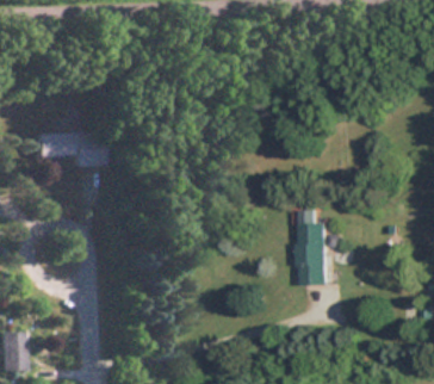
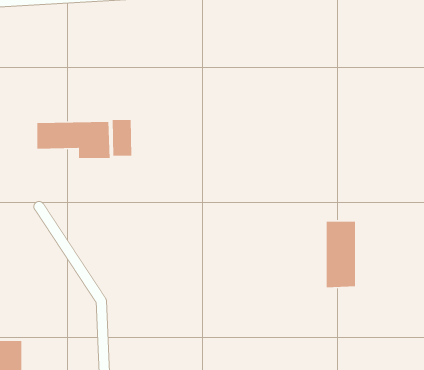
building: none -> [112,119,132,156]

